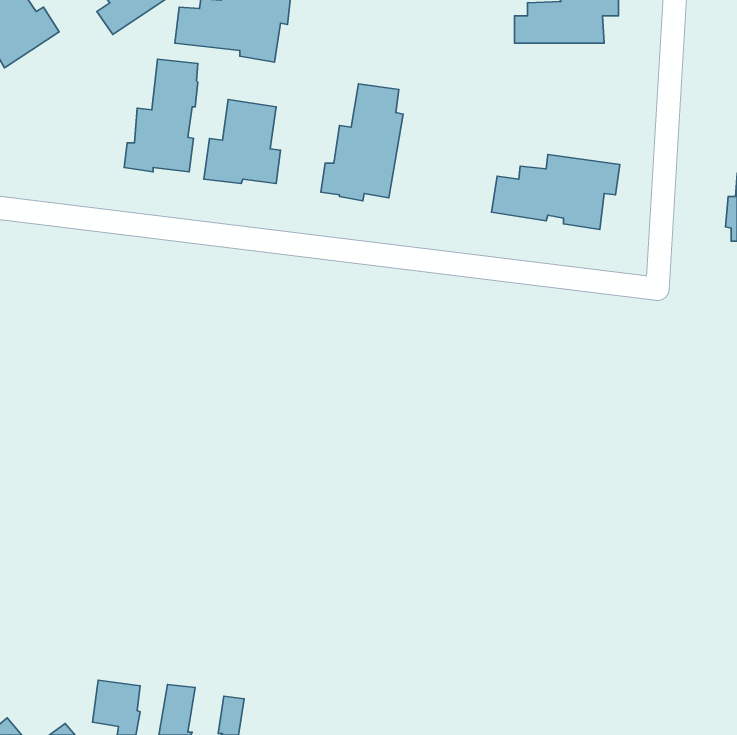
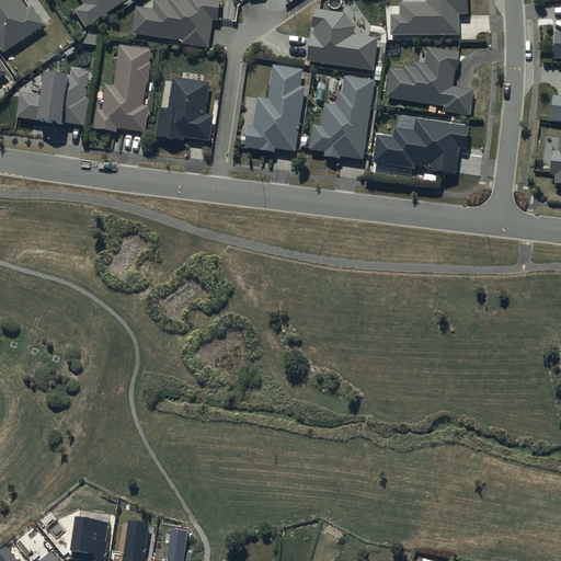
building: none -> [307,8,377,70]
building: none -> [386,45,473,114]
building: none -> [16,67,89,124]
building: none -> [310,75,373,158]

